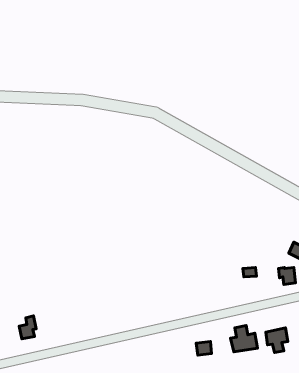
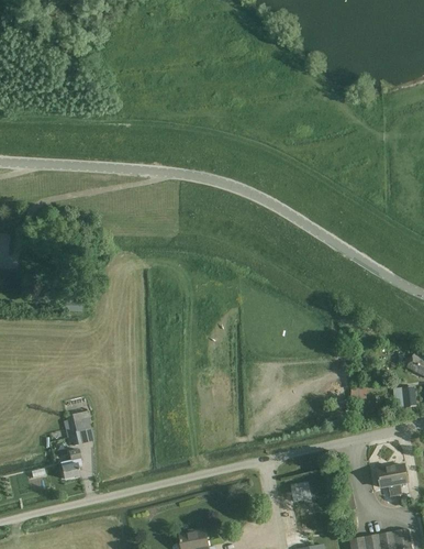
building: none -> [64,411,91,447]
building: [231,326,258,352] -> none

